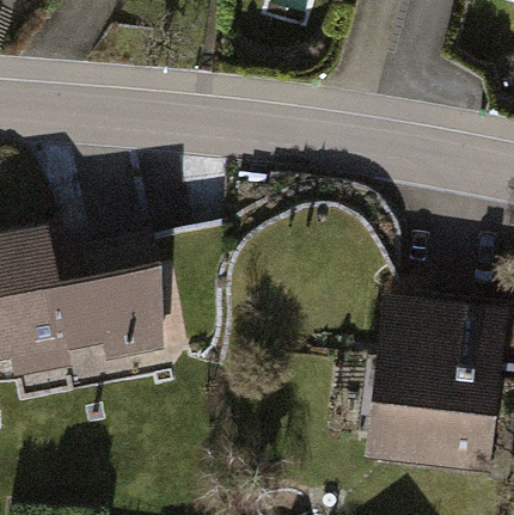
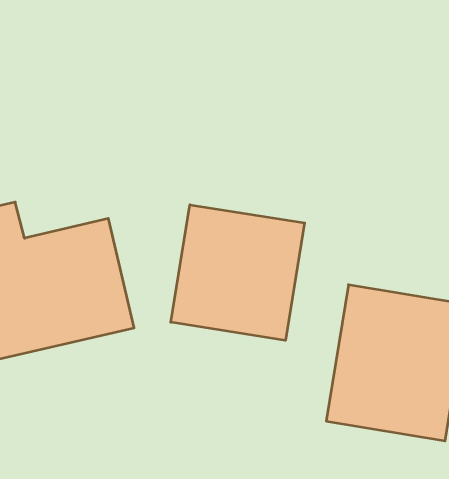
building: none -> [171,205,305,340]

